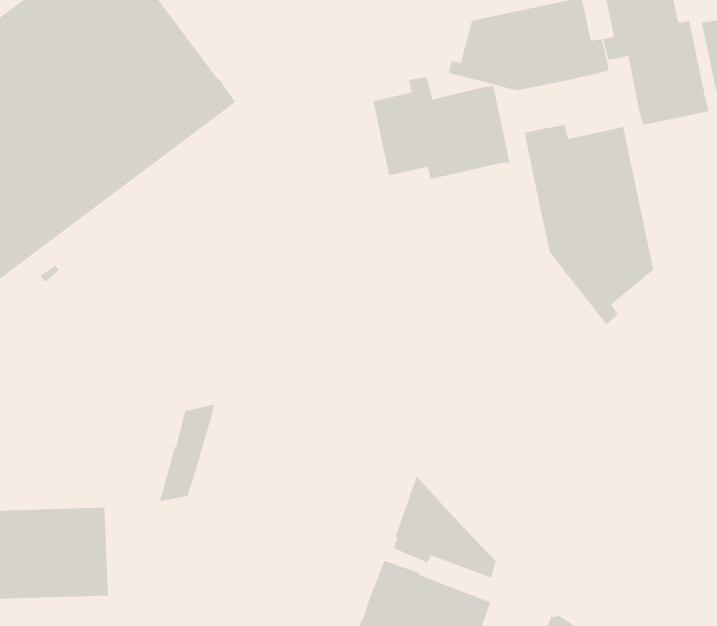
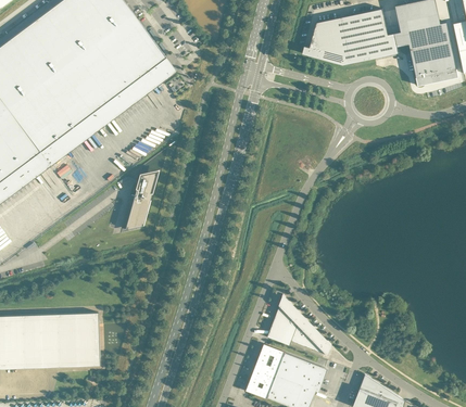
building: [373,76,510,180] -> none
building: [524,124,654,325] -> none
building: [159,404,215,502] -> [125,170,159,229]

